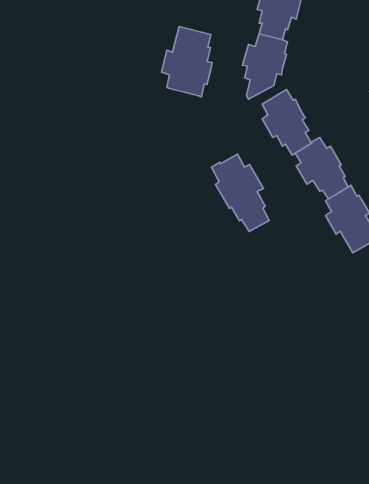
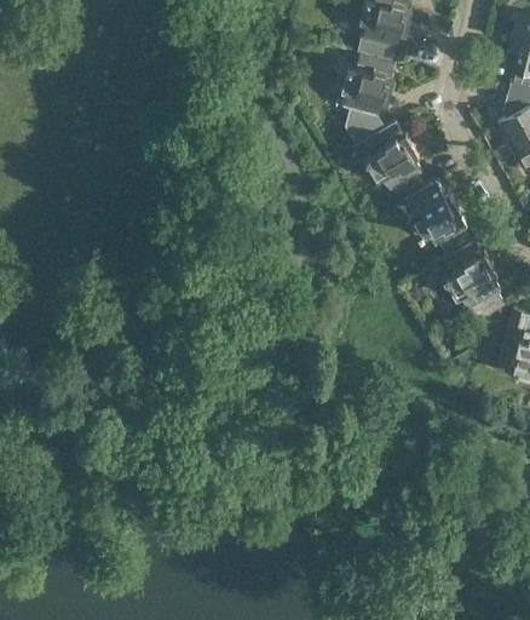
building: [161,26,212,97] -> none
building: [211,154,269,232] -> none

